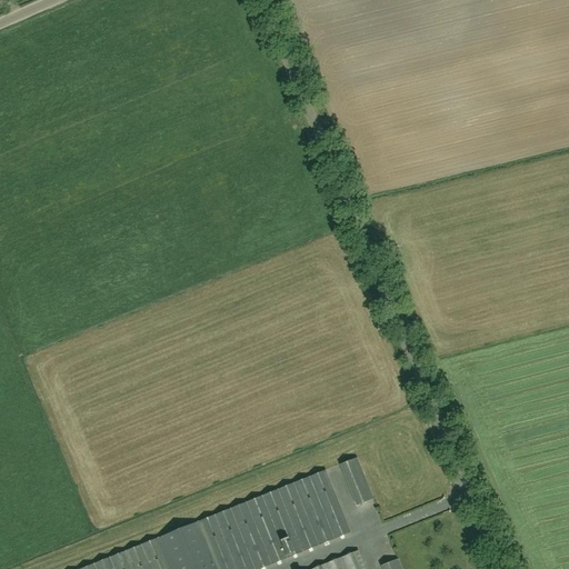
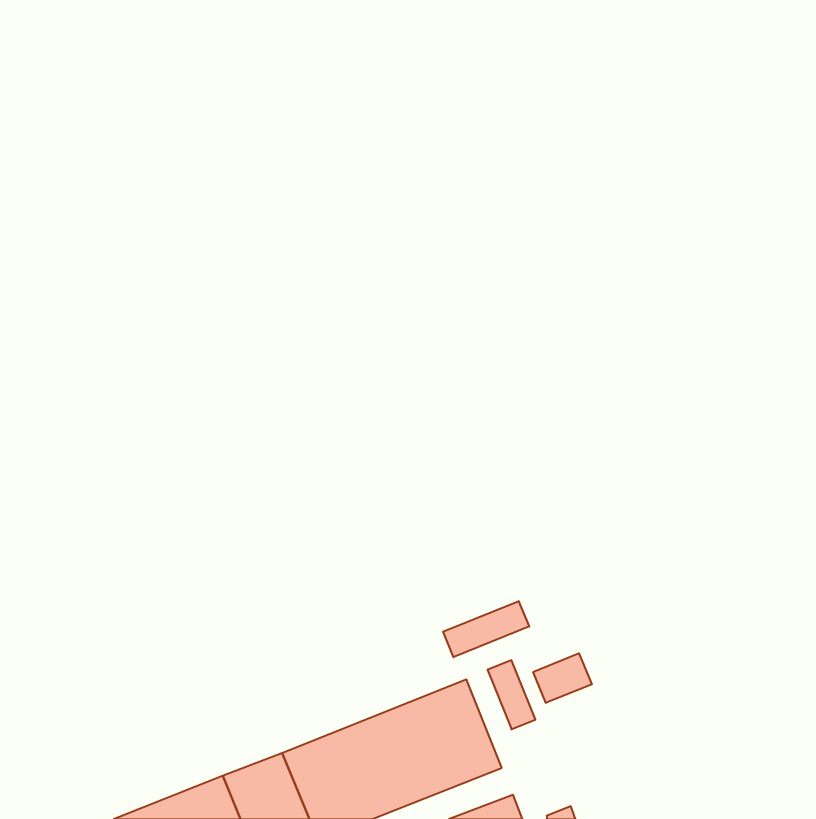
building: none -> [443,601,529,657]
building: none -> [533,653,592,703]

